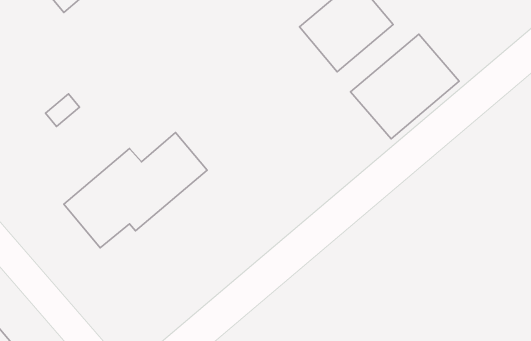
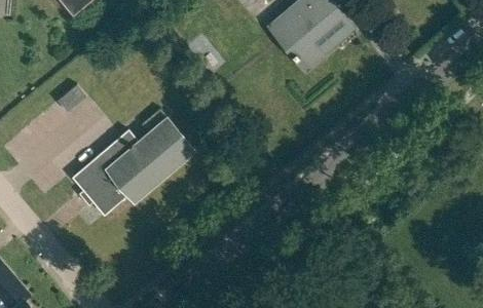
building: [351,34,459,139] -> none

